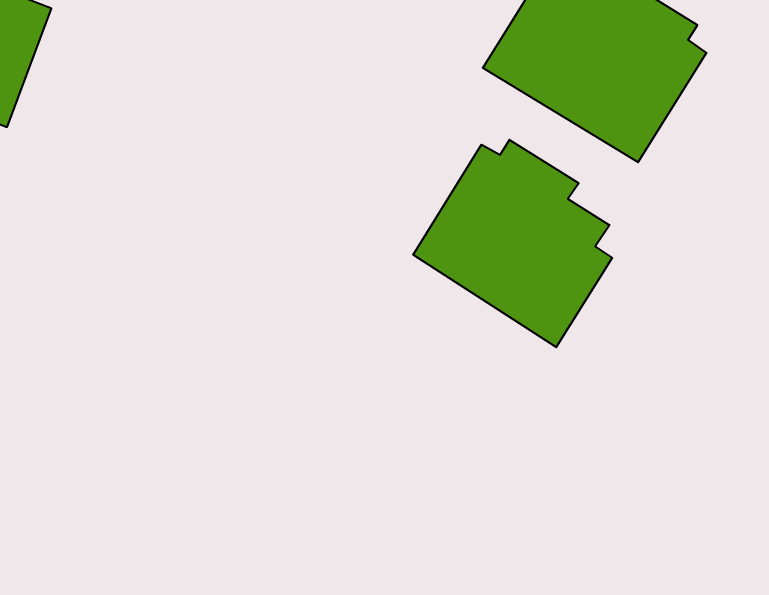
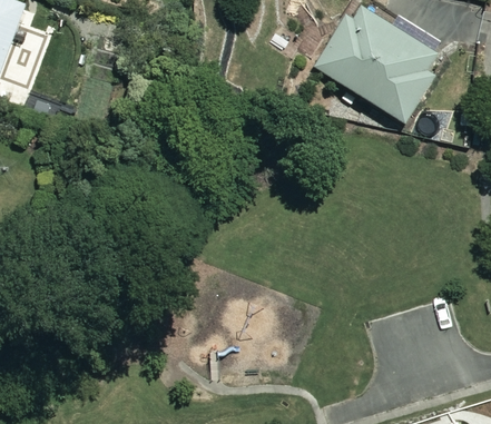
building: [413,140,612,347] -> none

